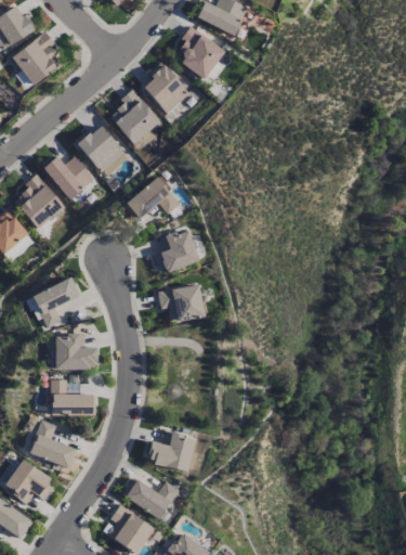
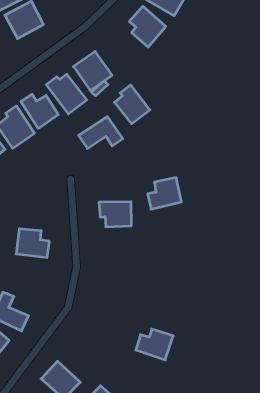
building: [143,63,191,114] -> [114,85,150,124]
building: [154,230,199,274] -> [148,178,181,209]
building: [32,276,81,328] -> none
building: [52,380,96,416] -> none
building: [147,433,195,472] -> [136,329,173,360]
building: [122,477,180,520] -> none

